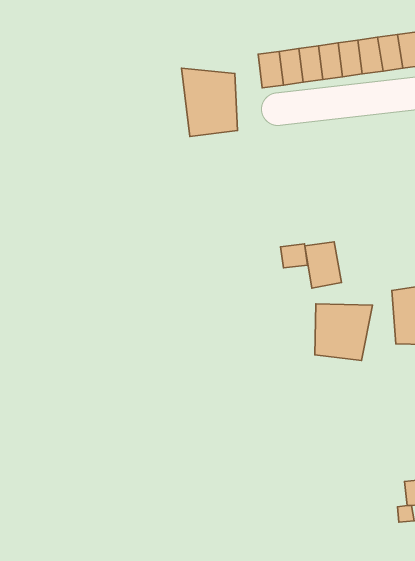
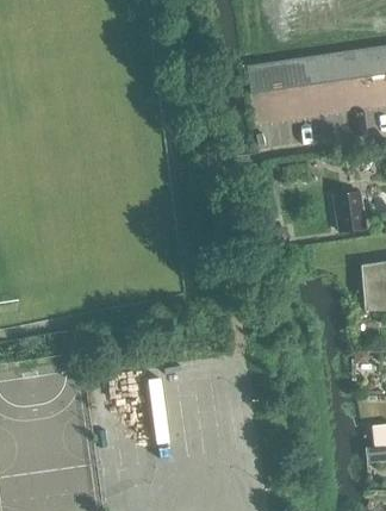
building: [181,68,238,136] -> none
building: [305,242,341,288] -> [335,192,366,231]
building: [315,304,373,360] -> none

